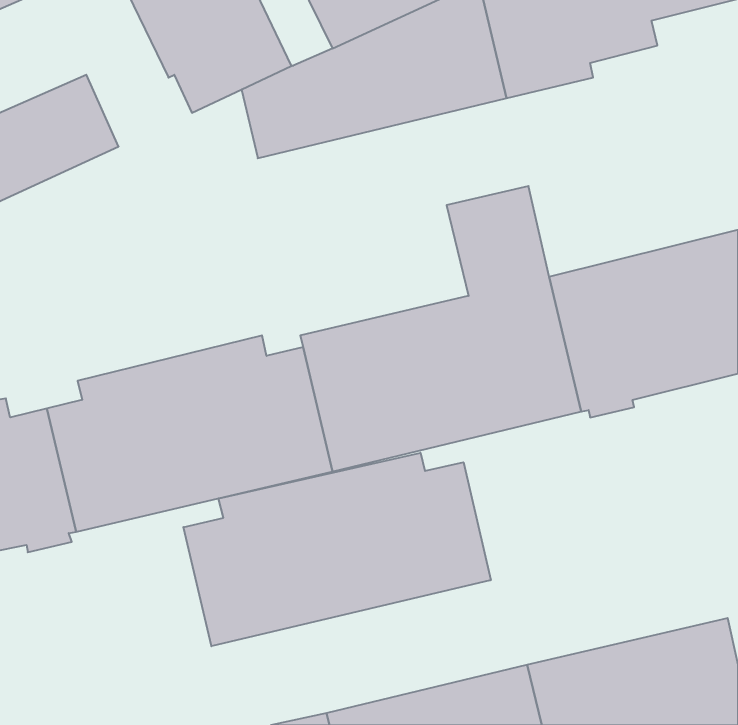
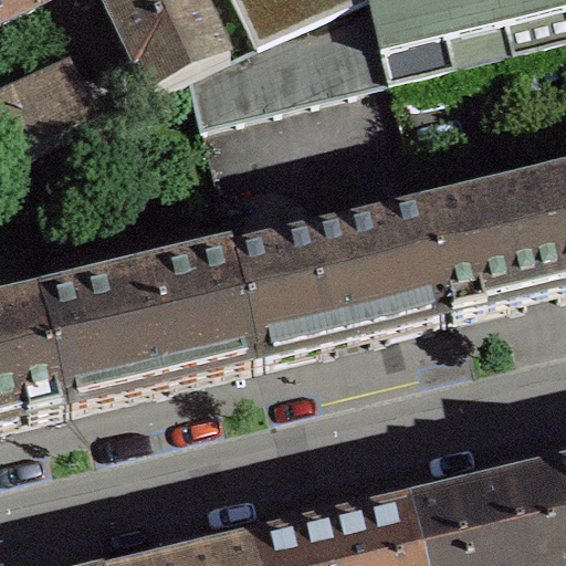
building: [183,453,491,646] -> none

